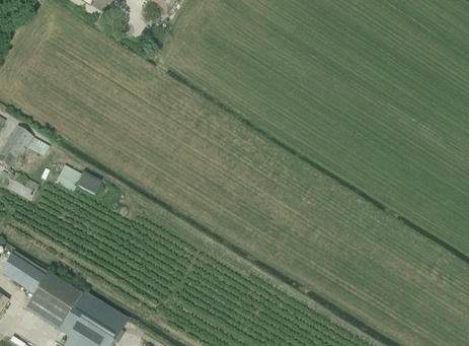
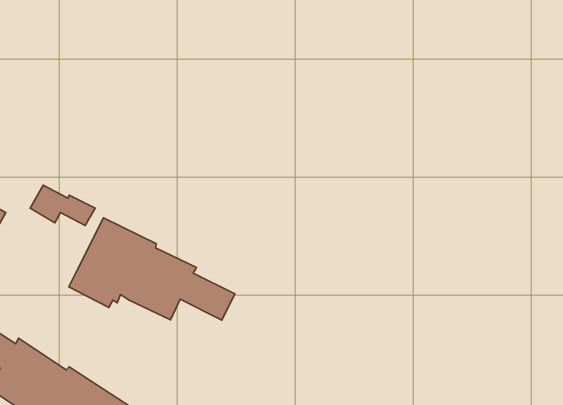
building: none -> [69,218,235,320]

